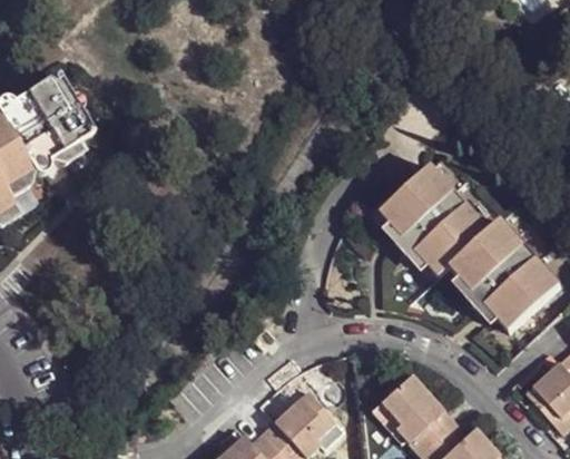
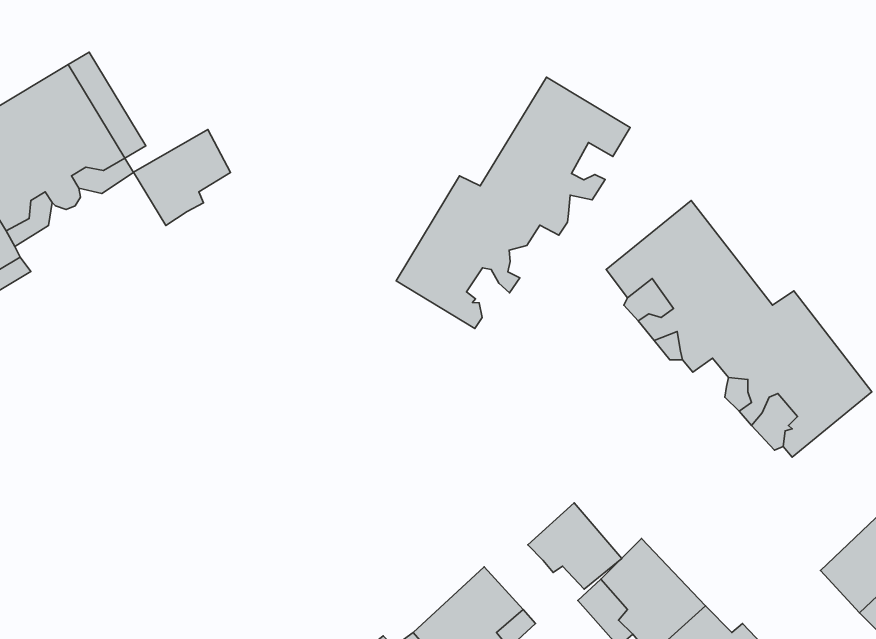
building: none -> [396,77,630,328]
building: none -> [134,130,231,226]
building: none -> [528,503,622,589]

